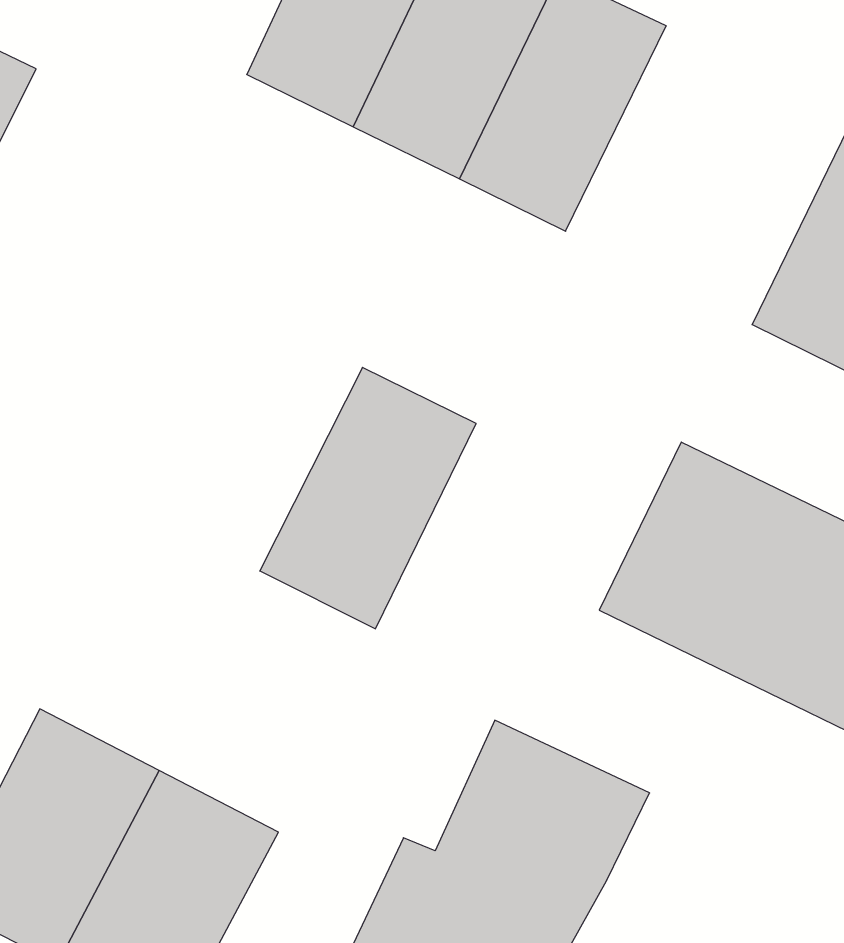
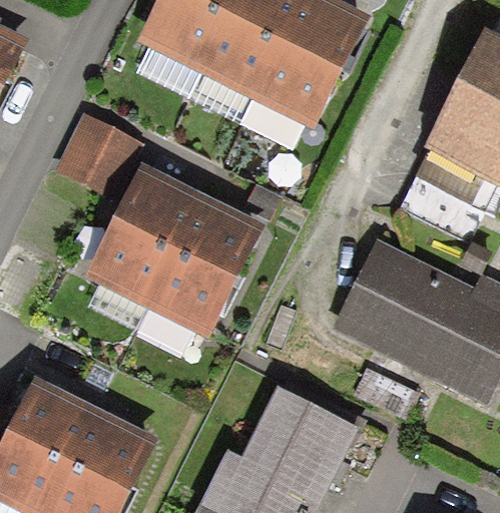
building: none -> [54,112,144,201]
building: none -> [86,167,203,308]

